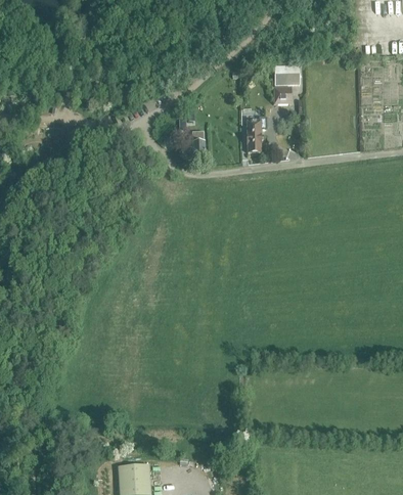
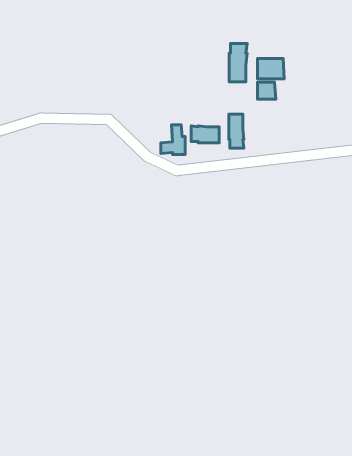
building: none -> [229,43,247,82]
building: none -> [191,126,219,143]

